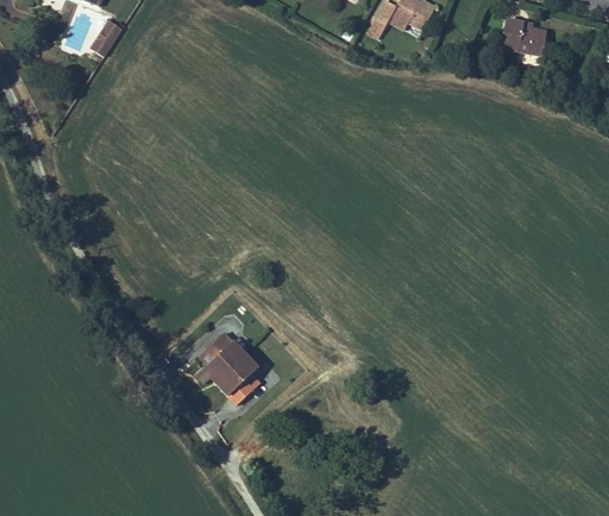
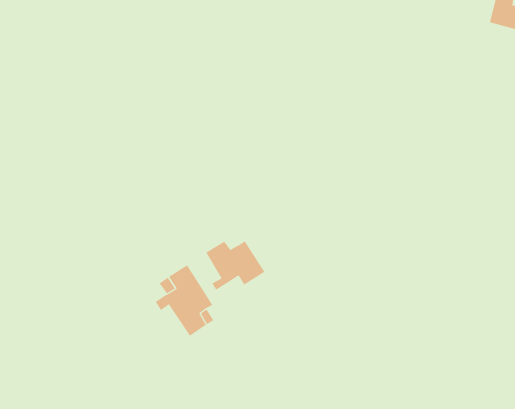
building: none -> [205,240,265,290]

